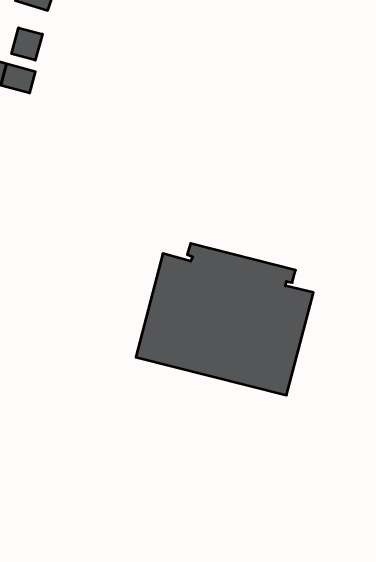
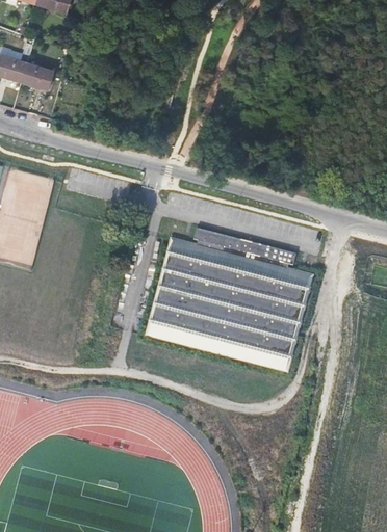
building: [12,28,42,60] -> none

